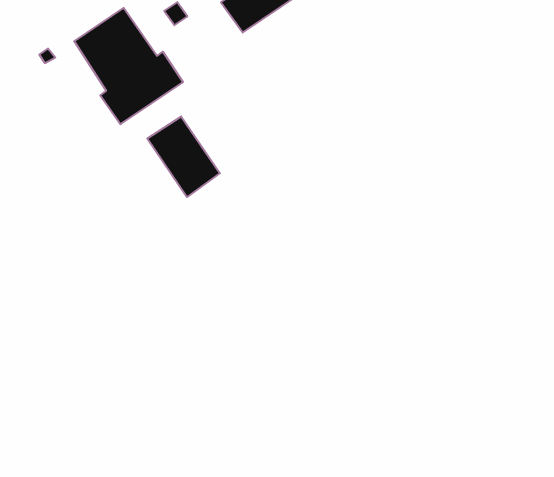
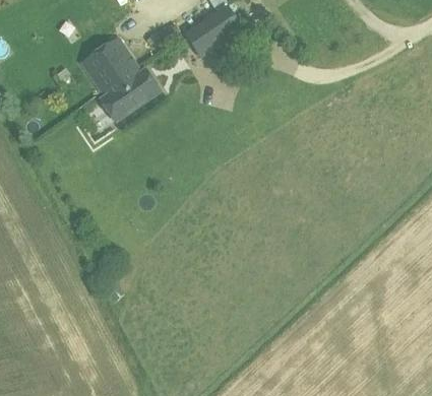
building: [147,116,220,197] -> none

